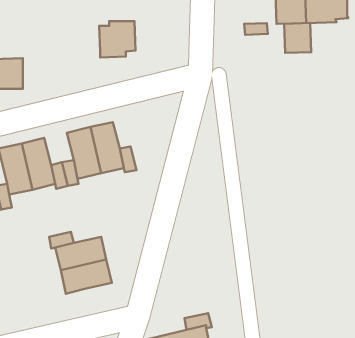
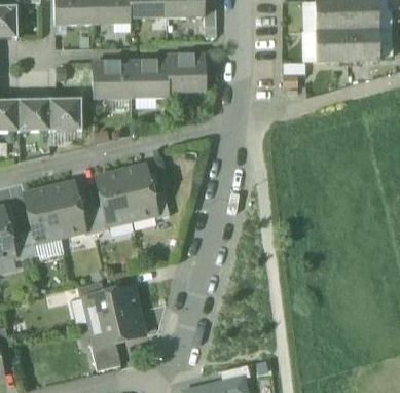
building: none -> [167,53,205,91]
building: none -> [93,60,131,99]
building: [284,23,311,53] -> none
building: none -> [49,98,81,131]
building: none -> [90,341,119,370]

